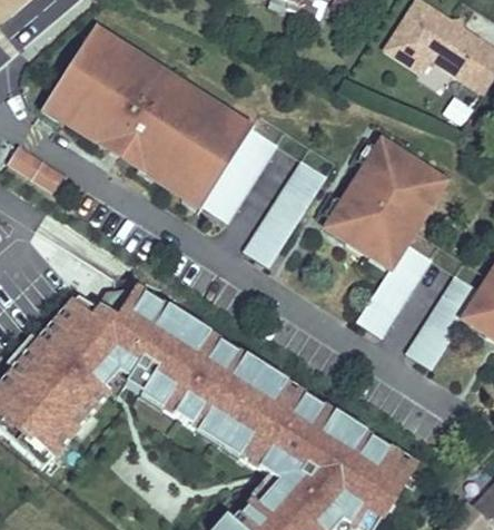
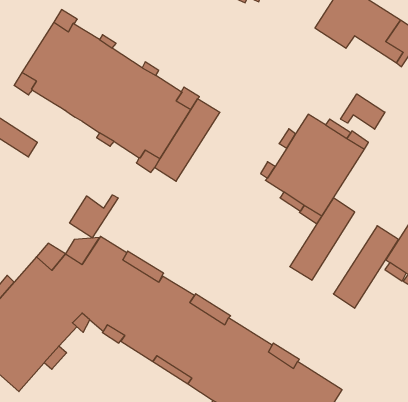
building: none -> [341,94,385,129]
building: [243,159,326,267] -> none
building: none -> [70,195,118,238]

